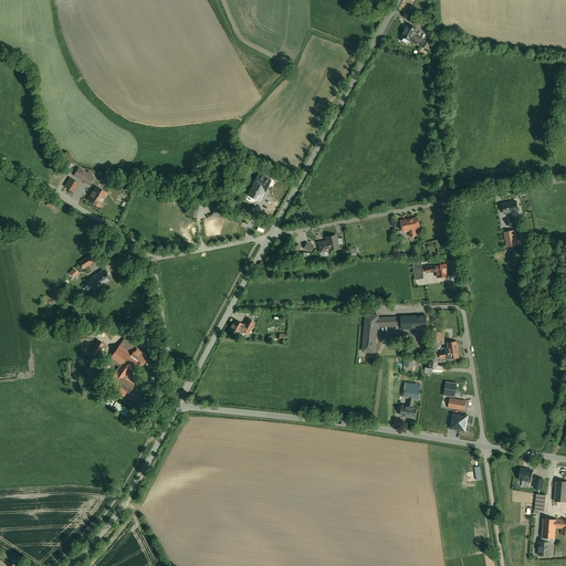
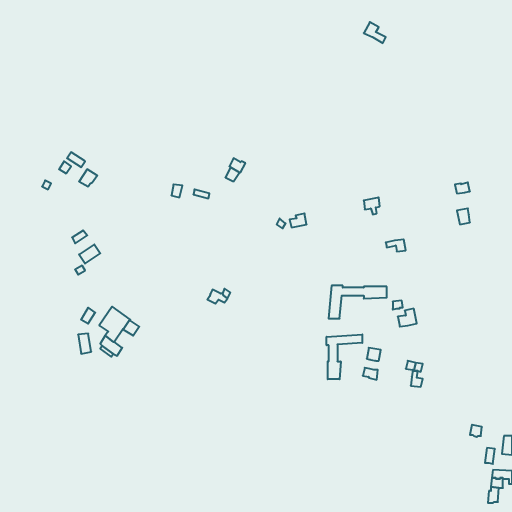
building: none -> [327,334,362,379]

